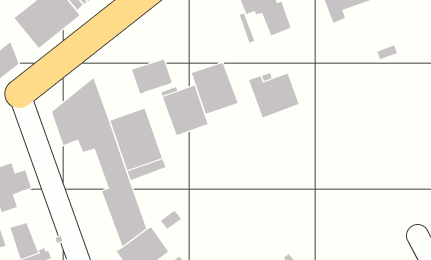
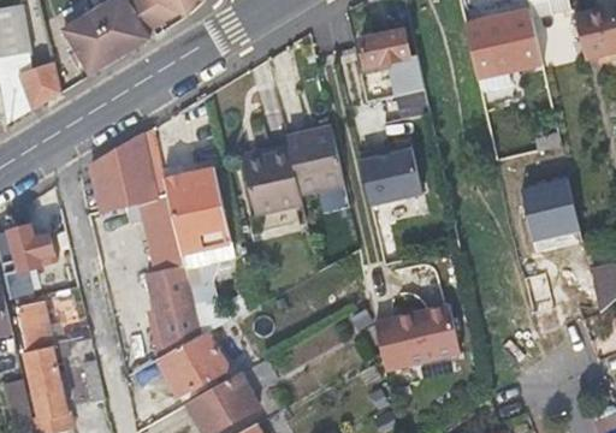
building: [131,59,173,95] -> none
building: none -> [527,179,585,248]
building: none -> [373,304,460,370]

